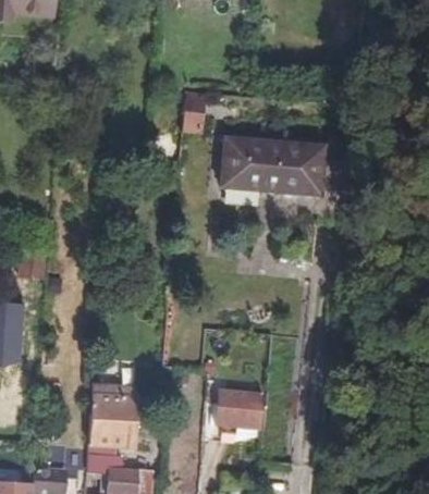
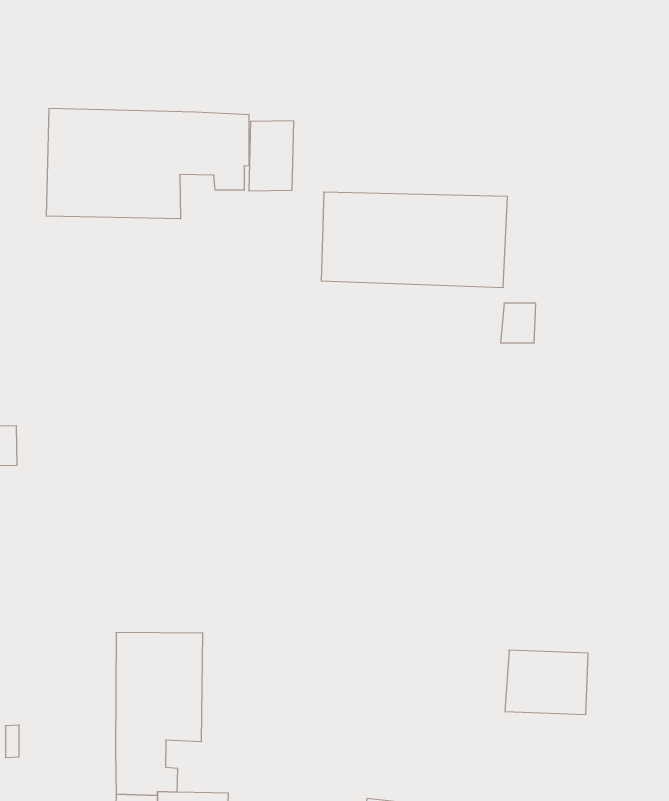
building: none -> [47,108,249,219]
building: [218,394,266,432] -> [505,650,588,714]

